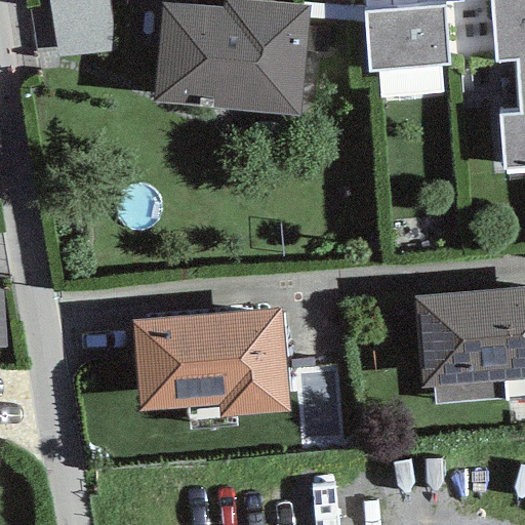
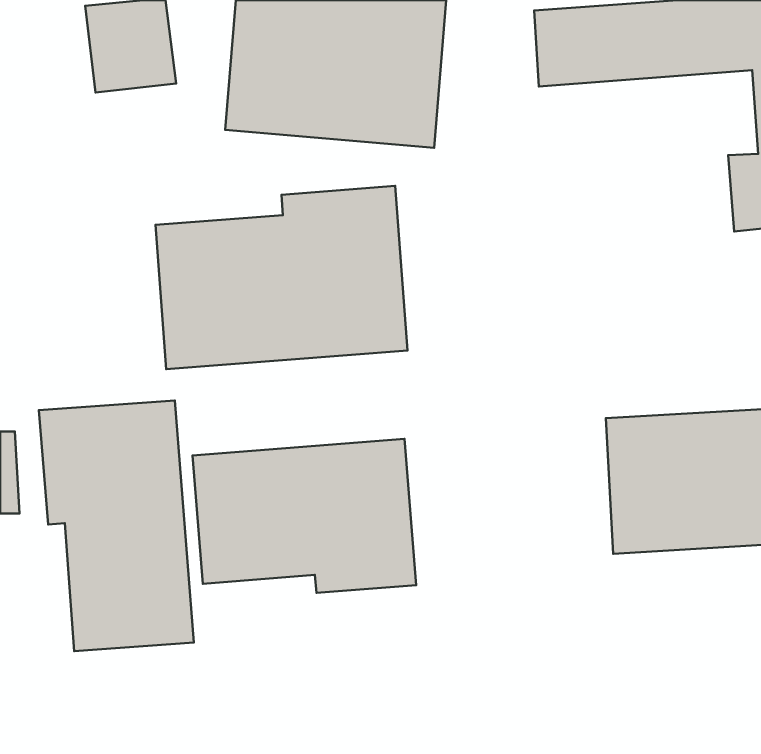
building: none -> [156,186,407,369]
building: none -> [39,400,194,651]

